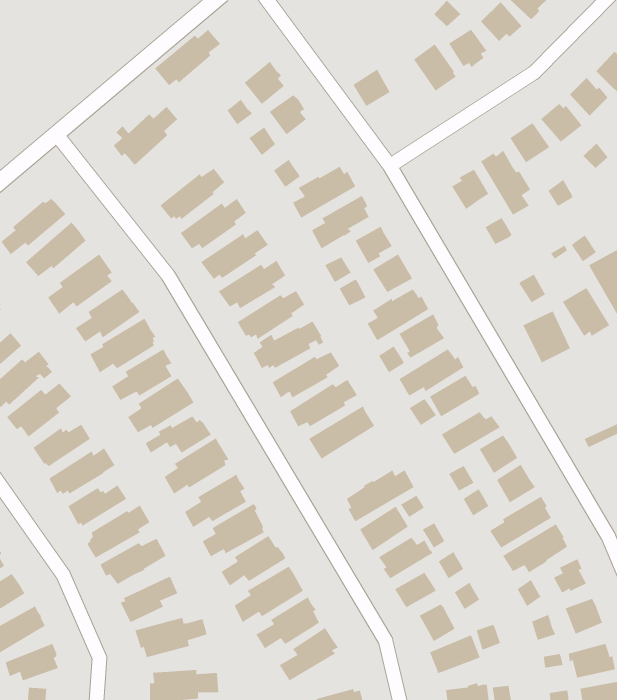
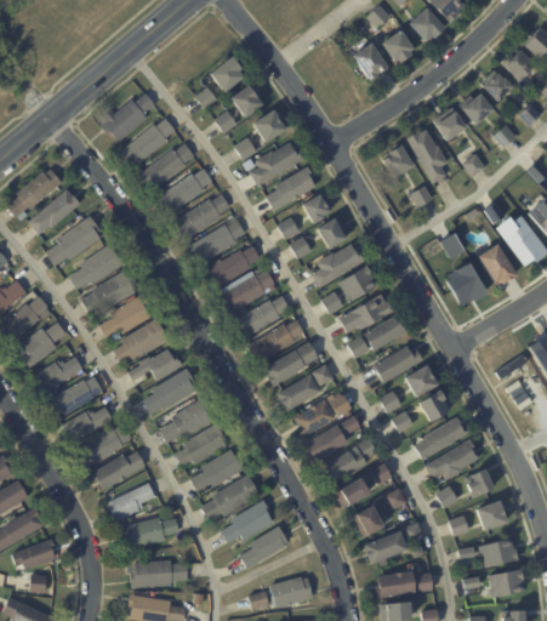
building: [154,29,221,86] -> [120,118,176,165]
building: [353,69,391,107] -> [253,109,285,141]
building: none -> [277,364,334,411]

